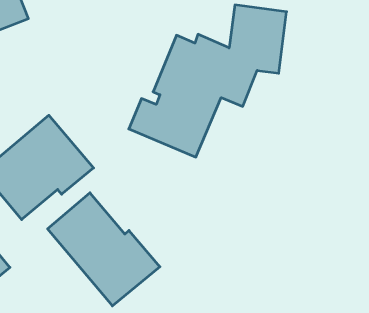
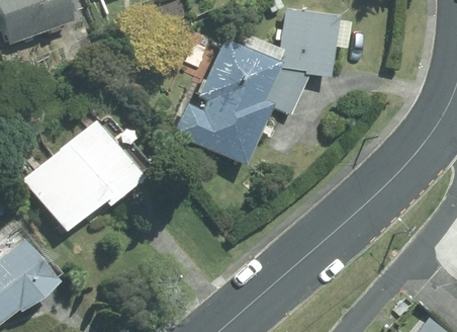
building: [48,193,160,306] -> none

